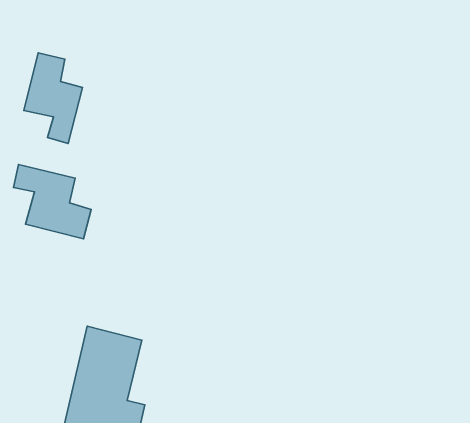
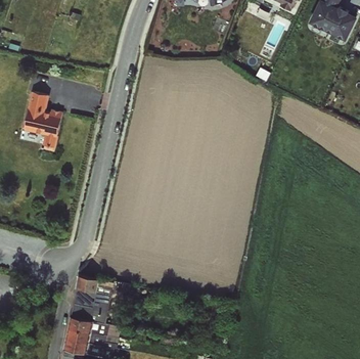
building: [14,164,91,239] -> none

